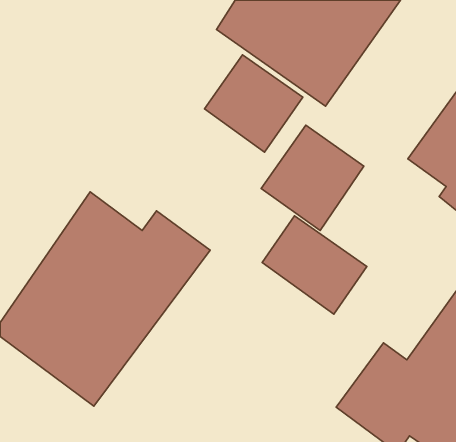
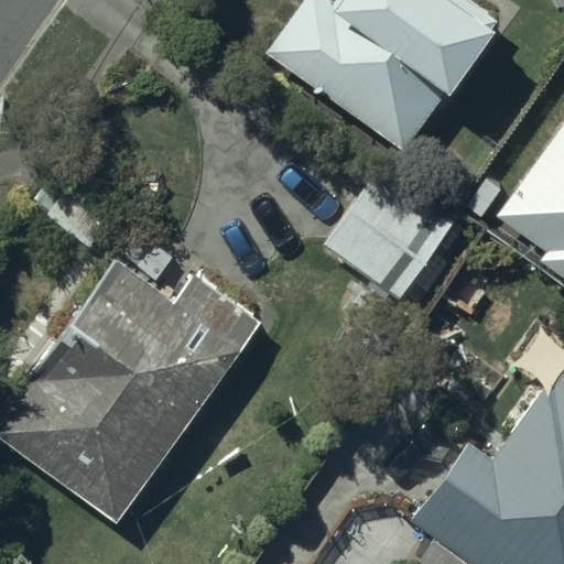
building: [205,55,303,152] -> none
building: [262,216,367,314] -> none

